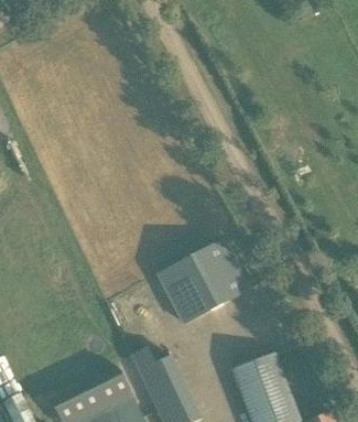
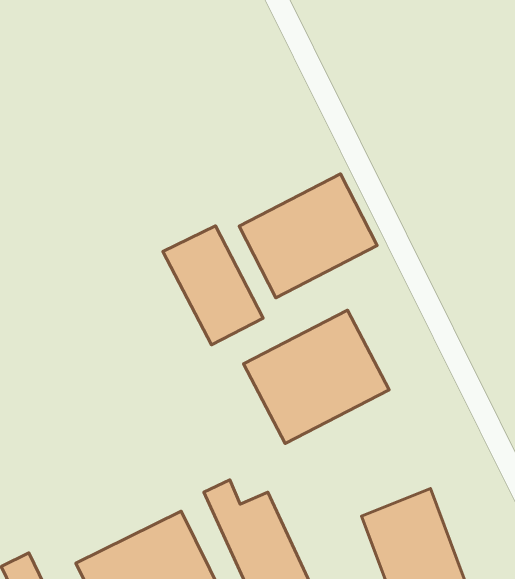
building: none -> [239,174,377,298]
building: none -> [163,226,263,345]

